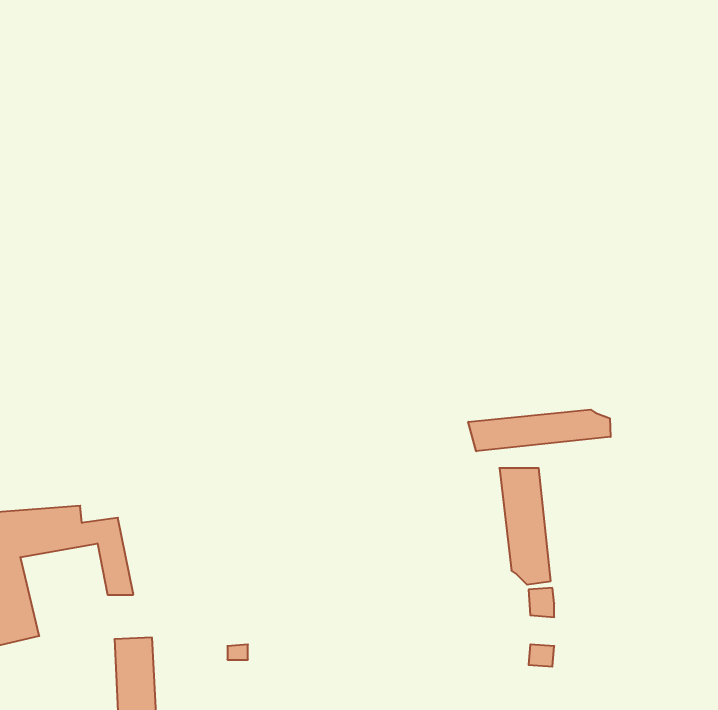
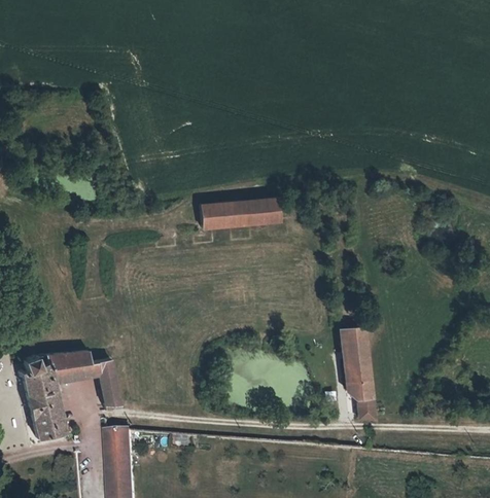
building: none -> [201,198,279,228]
building: [468,410,611,451] -> none

